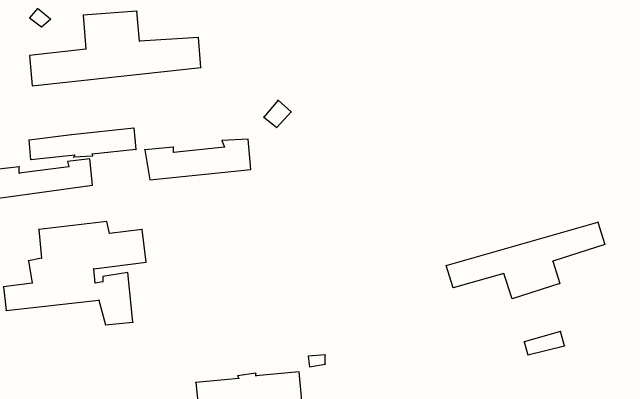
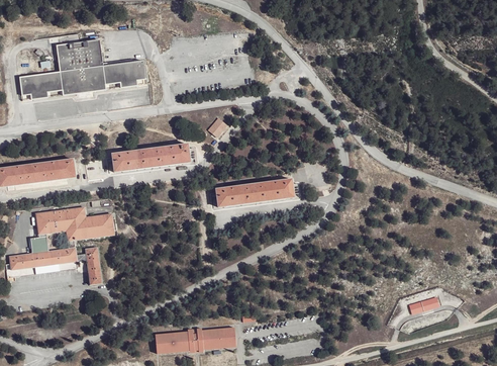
building: [29,128,136,160] -> none
building: none -> [214,174,294,205]
building: [446,222,605,299] -> none

